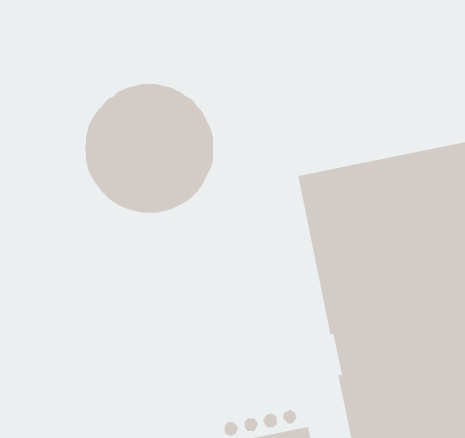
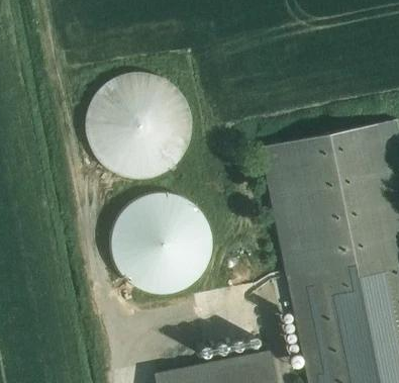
building: none -> [110,193,210,294]

